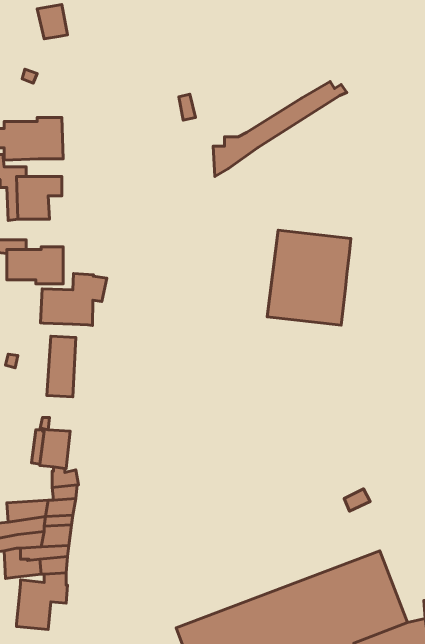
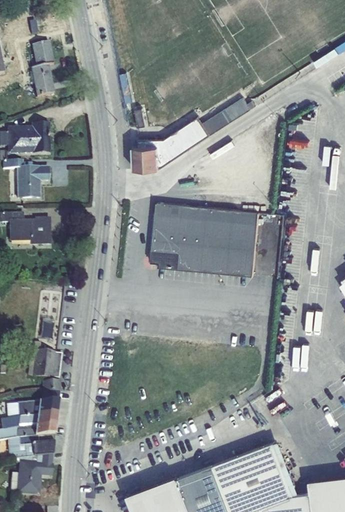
building: none -> [31,66,54,98]
building: none -> [134,146,160,169]
building: none -> [152,203,206,270]
building: [40,274,107,326] -> none

